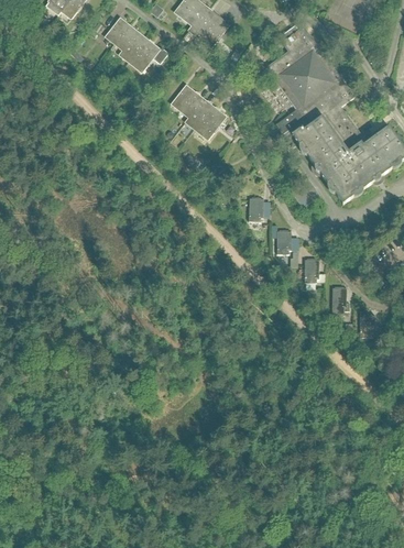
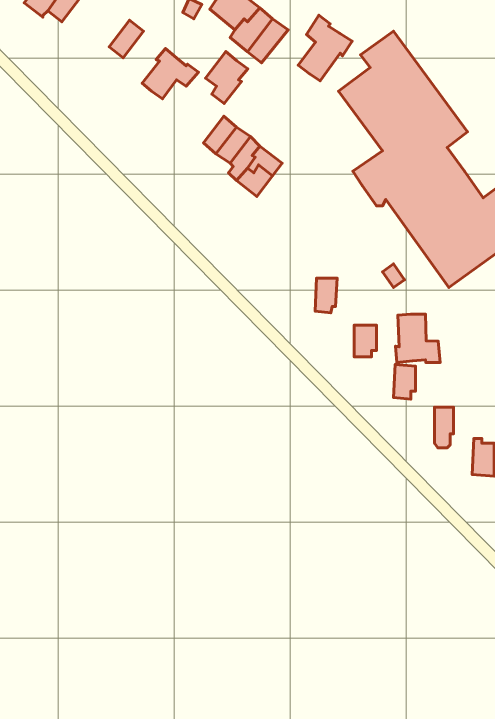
building: none -> [298,15,352,81]
building: [114,25,144,62] -> [205,52,248,103]
building: none -> [396,314,440,362]

